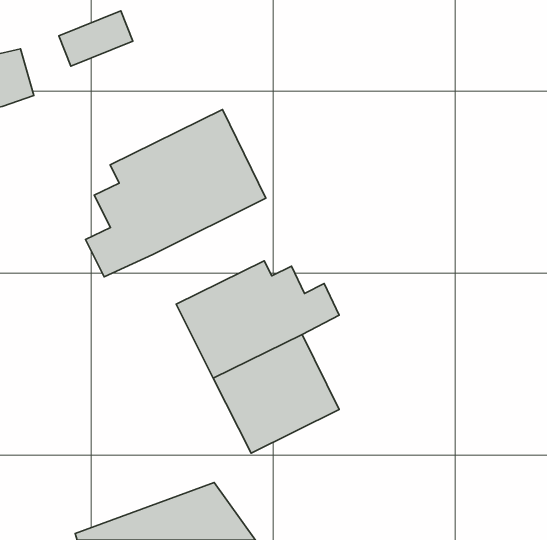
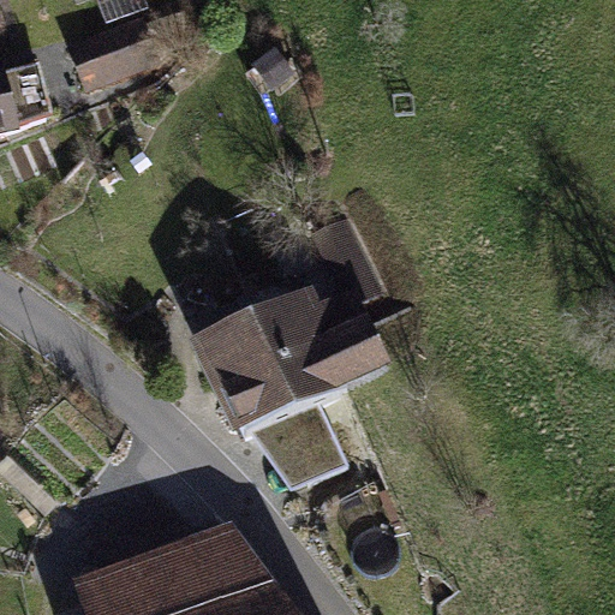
building: [85,109,266,277] -> none

